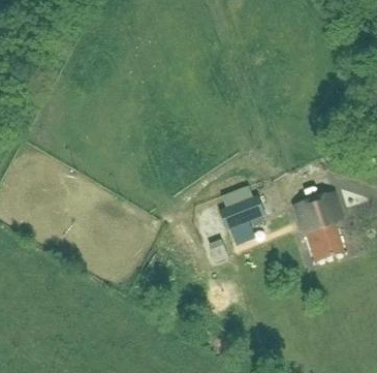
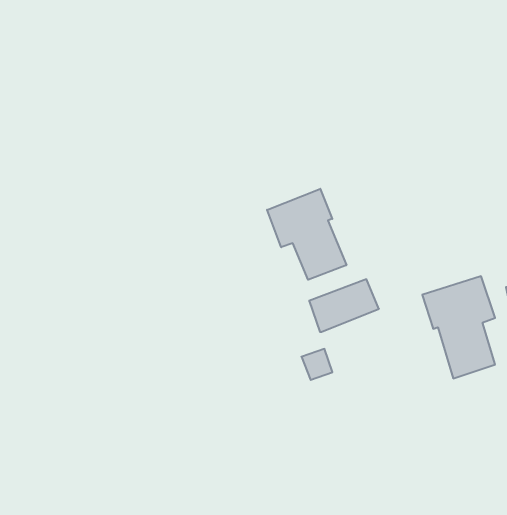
building: none -> [267,189,346,280]

